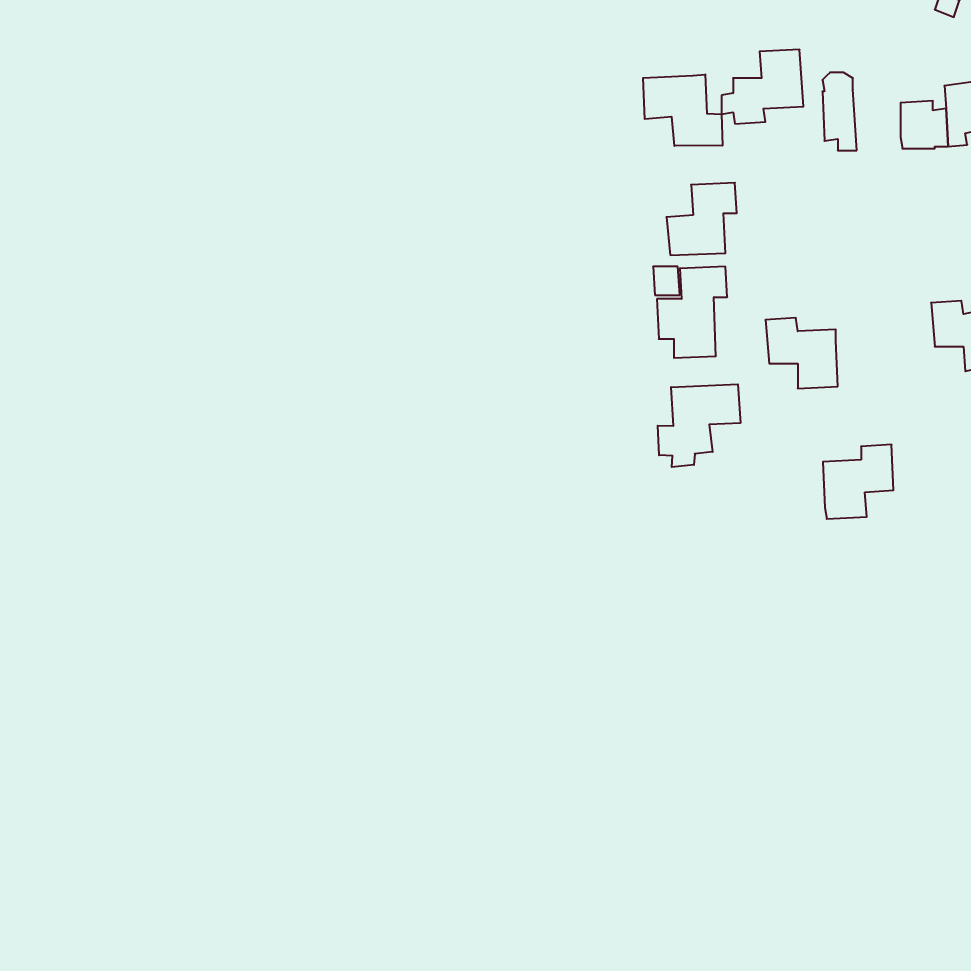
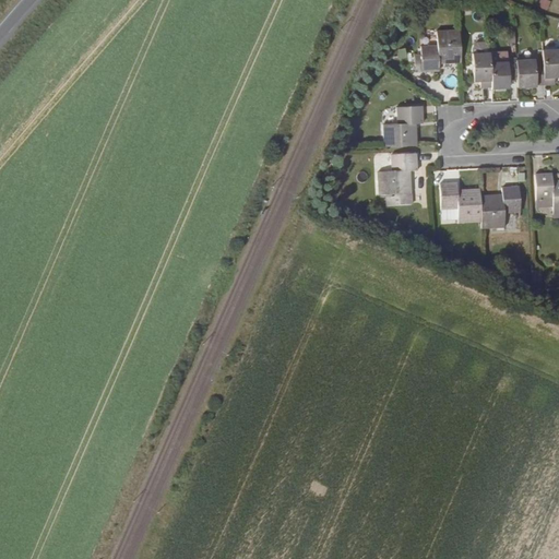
building: [643,74,722,146] -> none
building: none -> [490,50,518,88]
building: [658,384,740,467] -> none
building: [823,445,893,519] -> [480,186,521,228]

